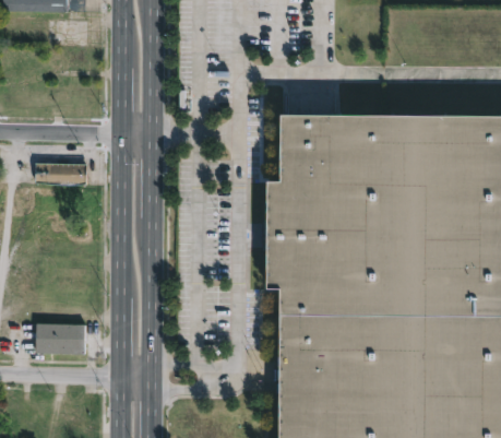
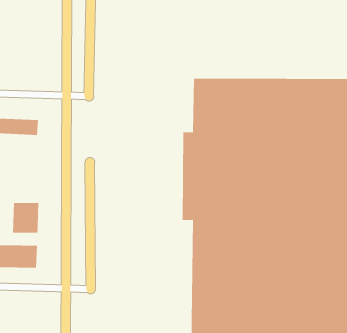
building: none -> [12,202,39,234]

